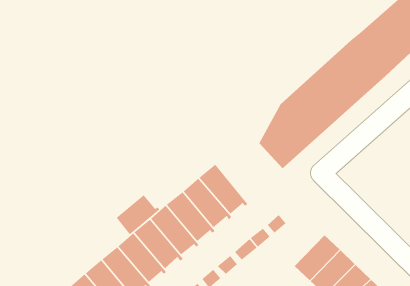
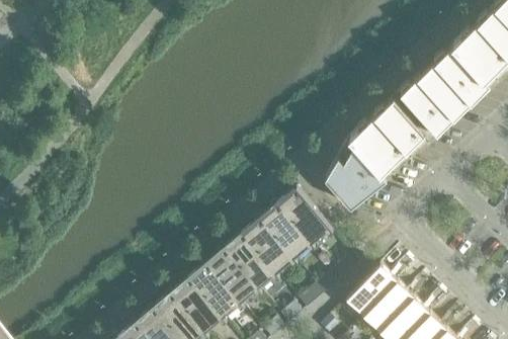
building: none -> [278,188,333,247]
building: [116,192,160,235] -> none
building: none -> [347,264,397,315]

